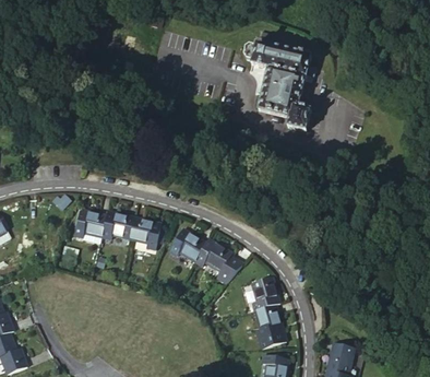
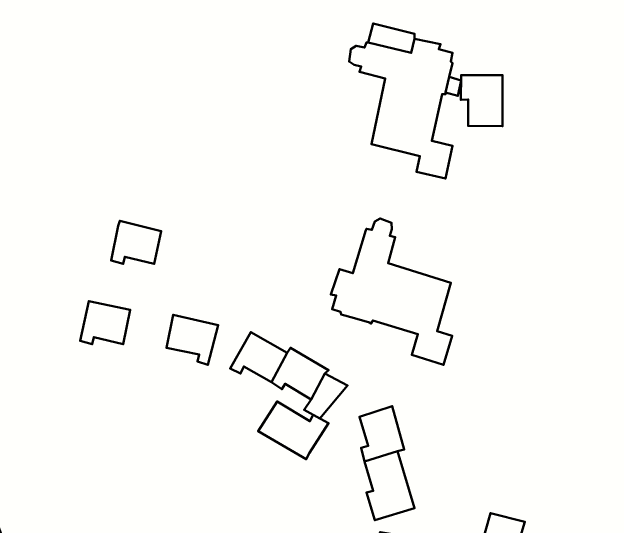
building: none -> [461,75,502,126]
building: none -> [331,218,452,365]
building: [101,211,133,238] -> [111,221,161,264]
building: none -> [258,401,329,459]

